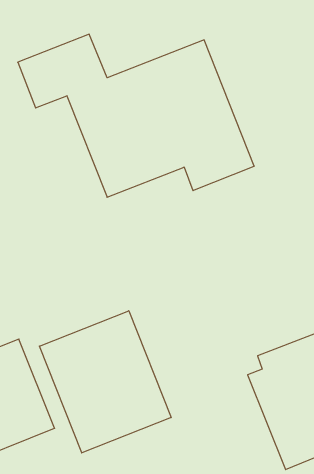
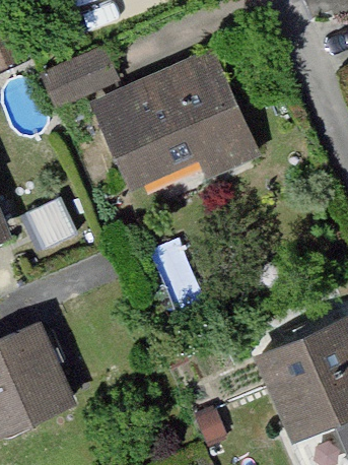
building: [39,311,171,453] -> none

